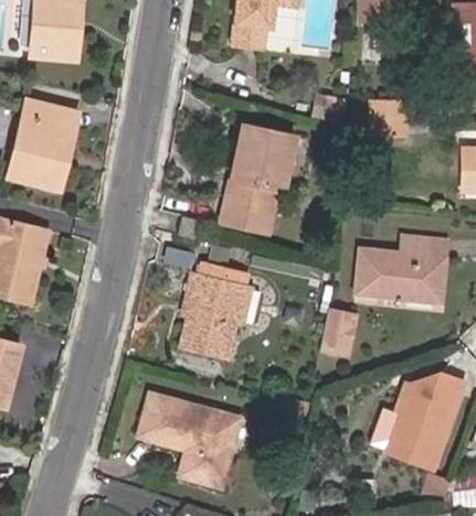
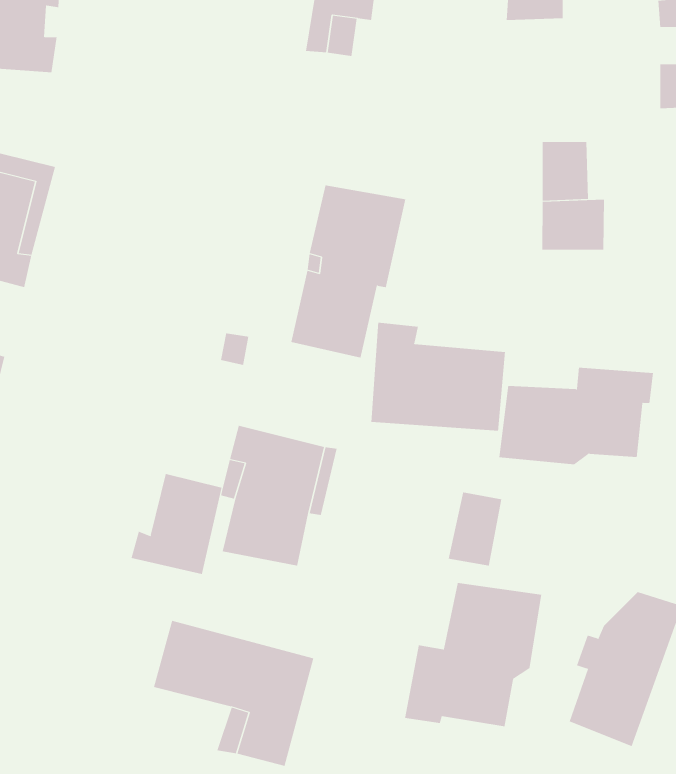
building: none -> [542,199,604,251]
building: none -> [371,322,506,432]
building: none -> [131,473,222,575]
building: none -> [404,582,542,727]

